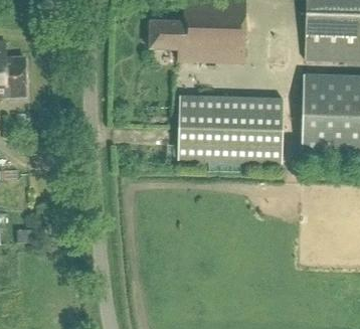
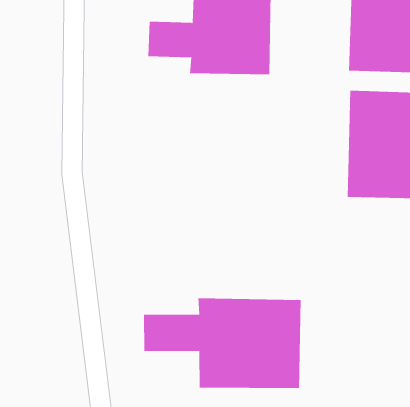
building: [178,96,283,163] -> none
building: none -> [144,297,301,389]

